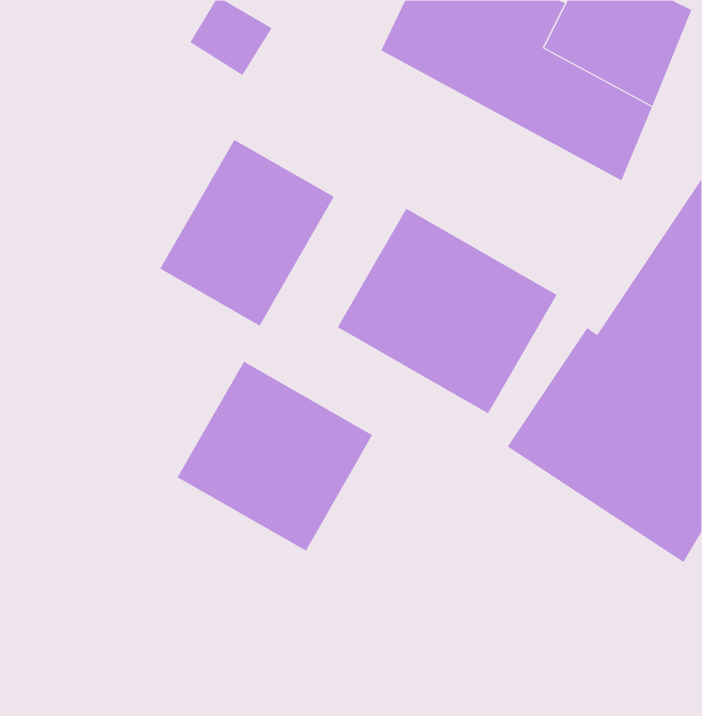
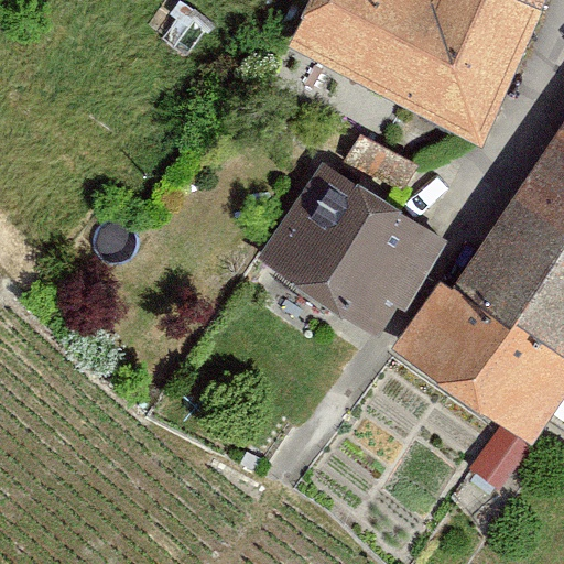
building: [159,139,335,326] -> none
building: [177,361,373,551] -> none

